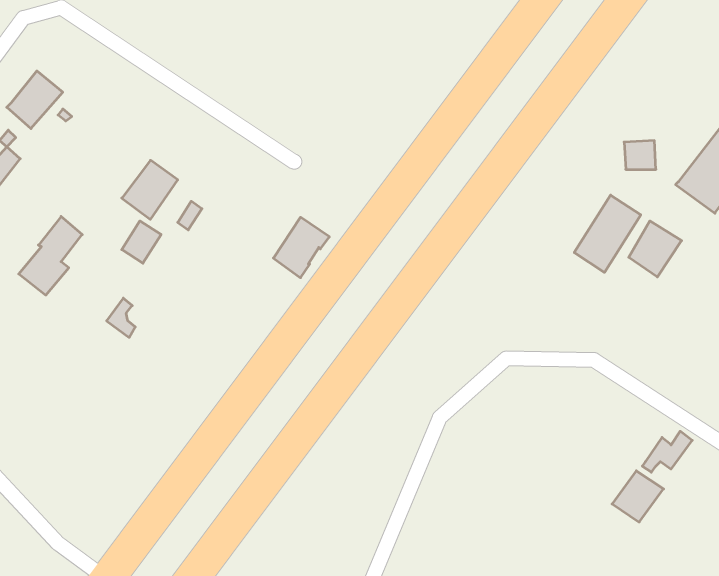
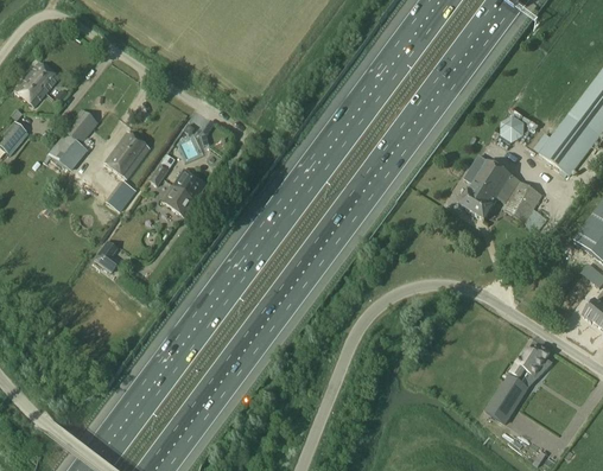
building: [19,216,82,295] -> [49,108,99,170]
building: [273,217,329,278] -> [163,170,207,217]

